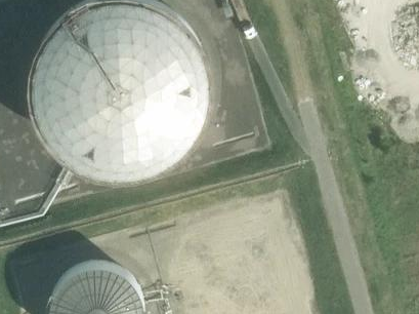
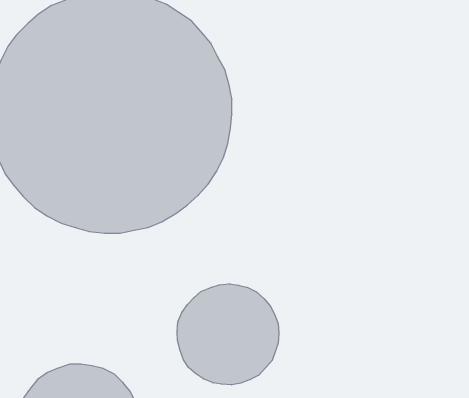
building: none -> [177,284,279,385]

